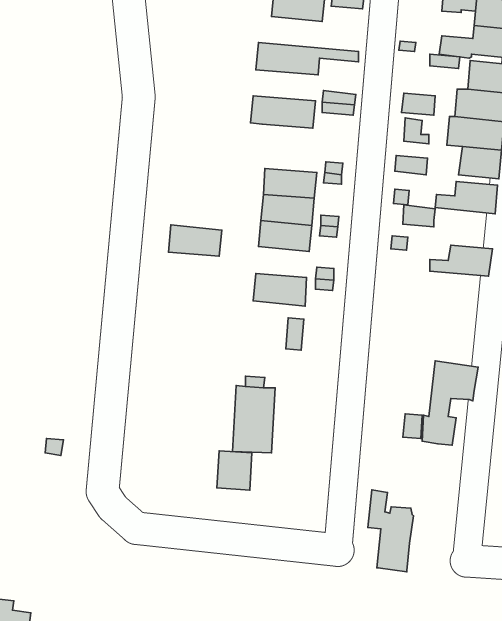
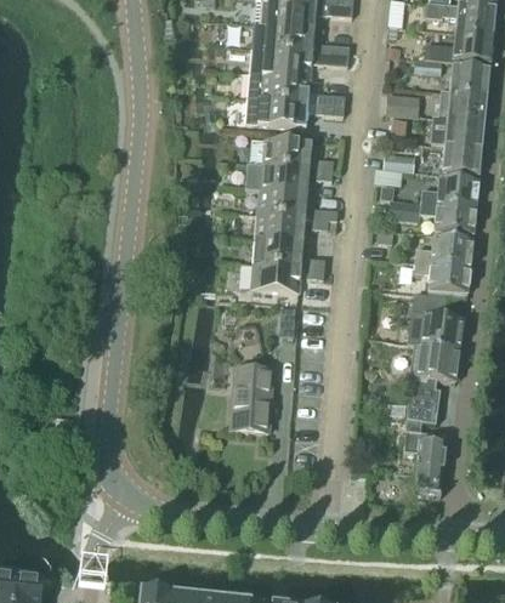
building: none -> [255,24,350,57]
building: none -> [250,74,311,103]
building: none -> [261,141,312,170]
building: none -> [419,203,476,235]
building: [168,225,222,256] -> [252,239,302,268]
building: none -> [414,262,470,294]
building: none -> [408,294,464,352]
building: [217,451,252,490] -> none
building: [368,490,413,572] -> [404,421,447,497]

